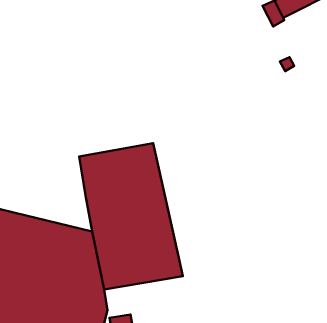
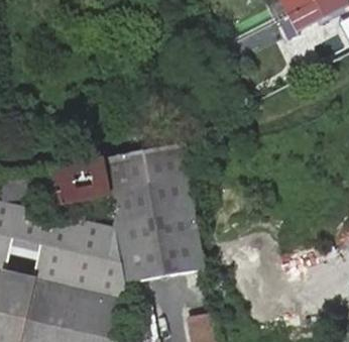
building: none -> [53,155,111,205]

